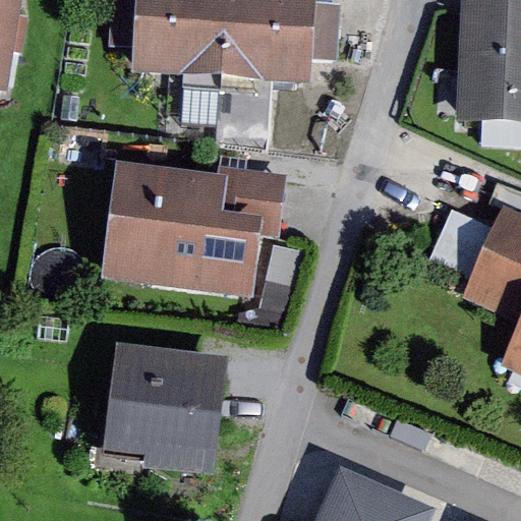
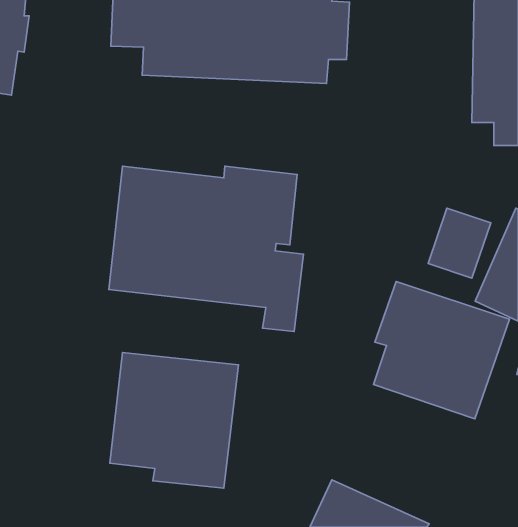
building: none -> [374,281,509,419]

